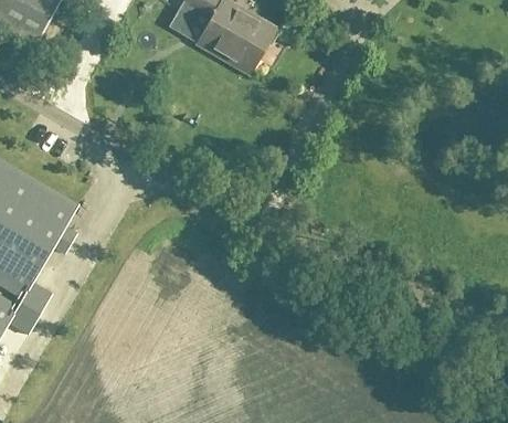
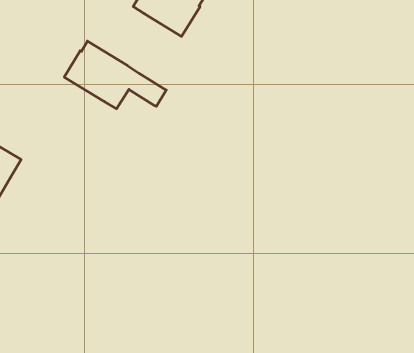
building: none -> [64,41,166,109]

